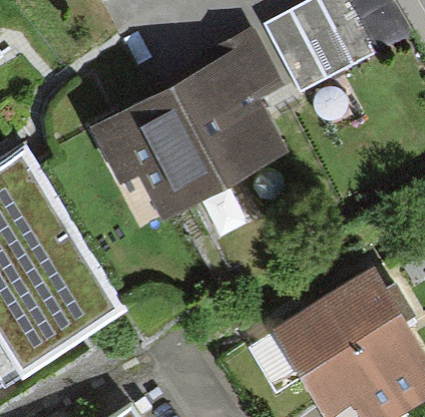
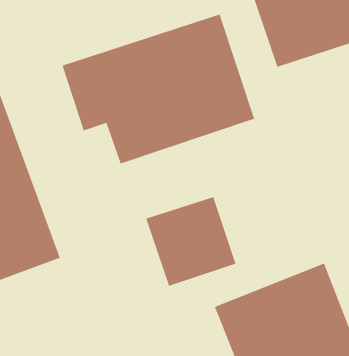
building: none -> [145,196,236,287]

